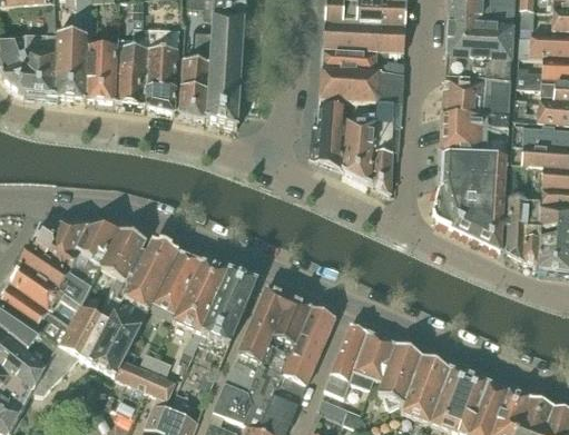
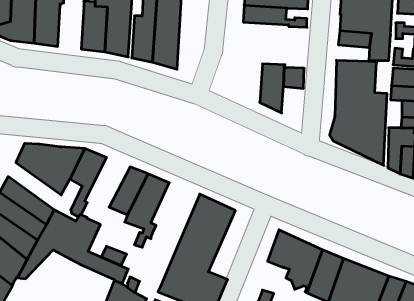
building: [86,45,119,100] -> none
building: [321,66,404,101] -> none
building: [442,95,484,116] -> none
building: [311,103,347,168] -> none
building: [372,148,400,191] -> none
building: [116,240,178,315] -> none
building: [22,245,90,305] -> none
building: [205,270,256,344] -> none
building: [278,306,336,394] -> none
building: [326,323,374,395] -> none

